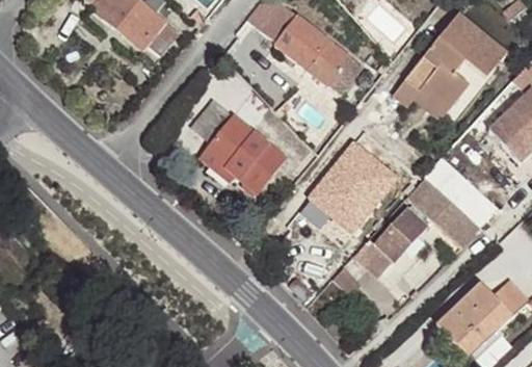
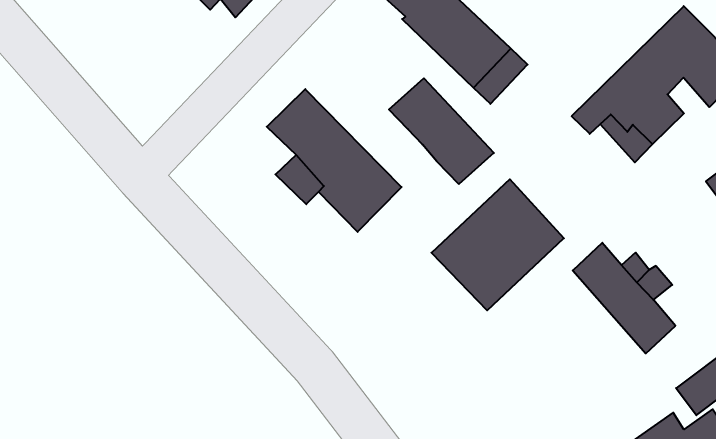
building: none -> [389,78,494,184]
building: [360,208,425,277] -> none

